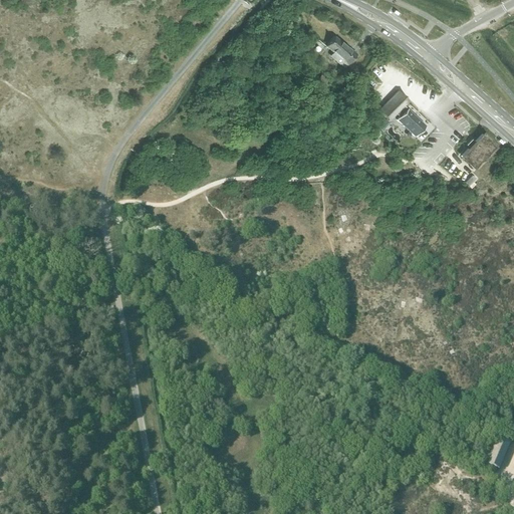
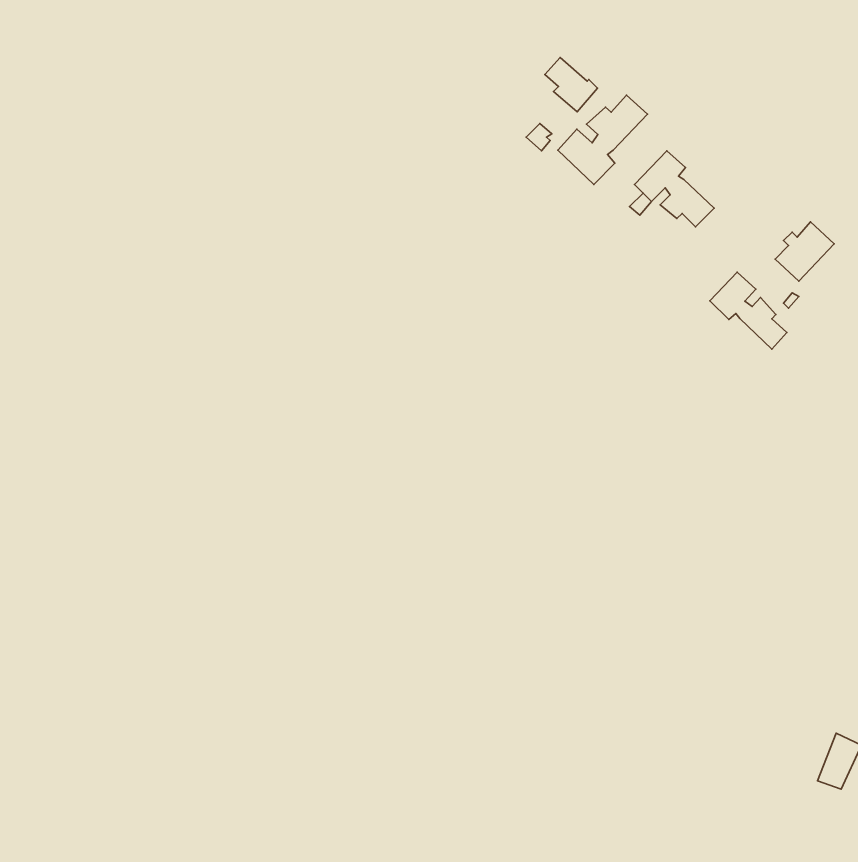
building: none -> [558,95,648,185]
building: none -> [710,272,787,349]

